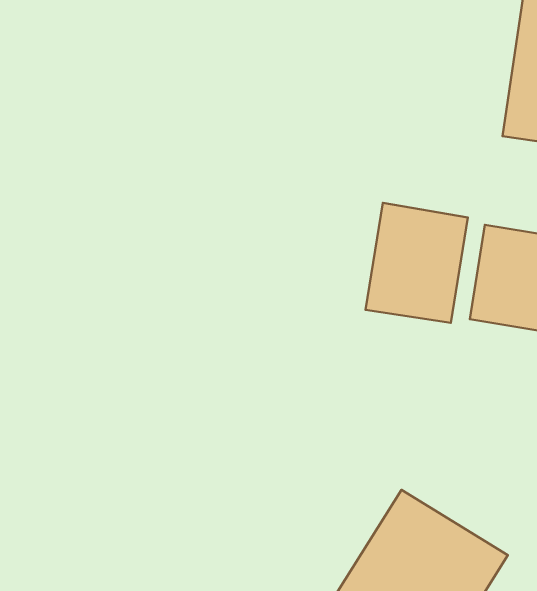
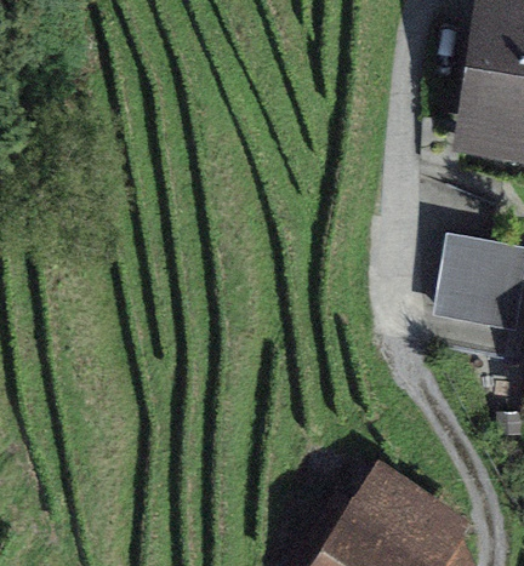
building: [365,203,468,323] -> none

